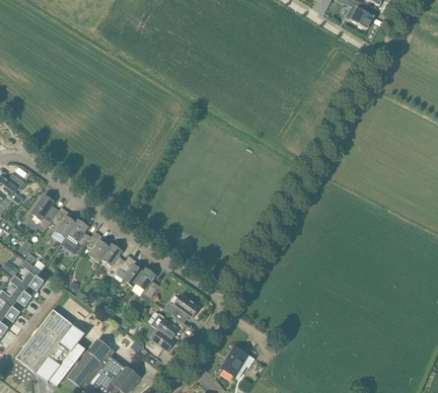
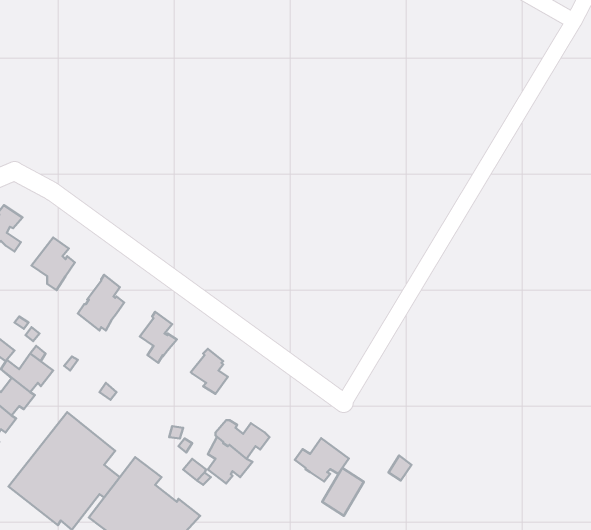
building: [53,207,76,238] -> none
building: [86,231,111,262] -> none
building: [120,255,144,287] -> none
building: [164,294,200,322] -> [295,438,349,482]

